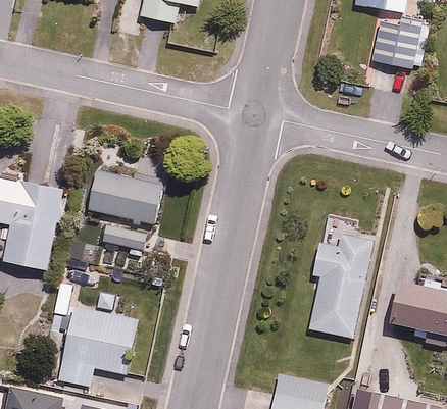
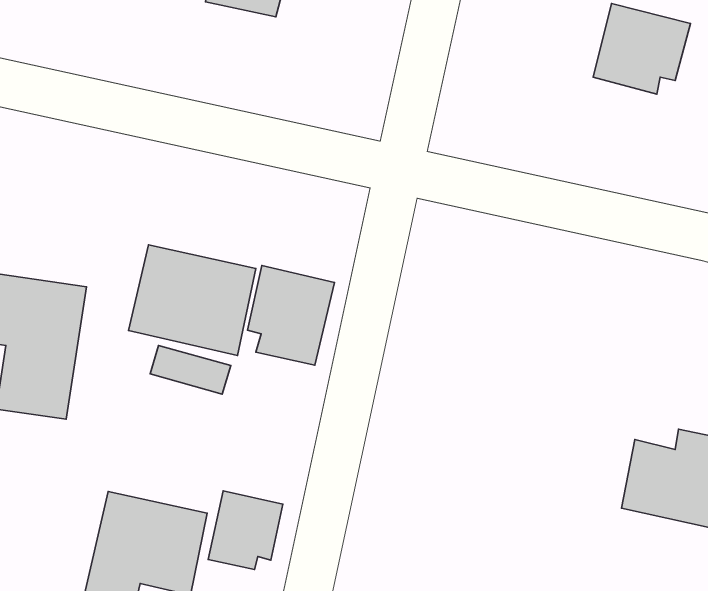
building: none -> [247,266,334,365]
building: [307,232,373,338] -> none
building: none -> [208,491,283,569]

